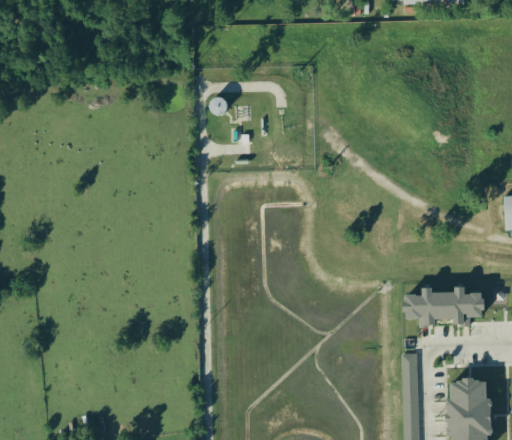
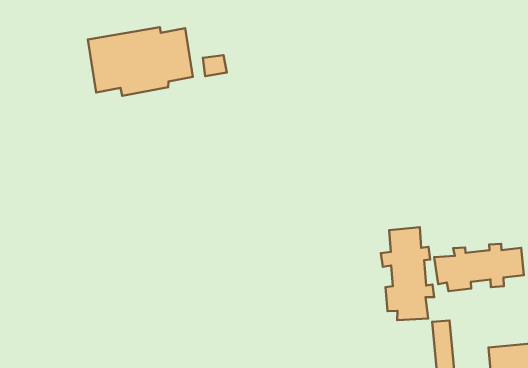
building: none -> [88,27,193,96]
building: none -> [381,227,434,320]

